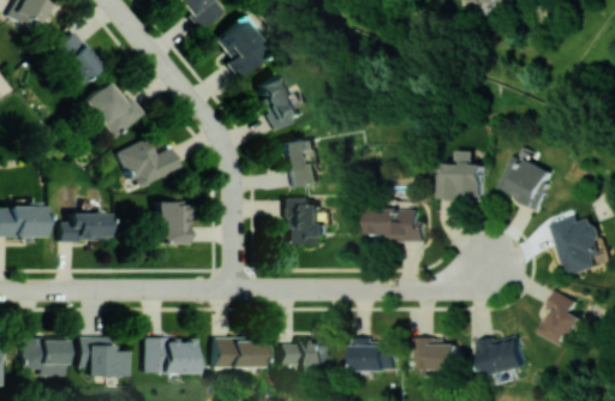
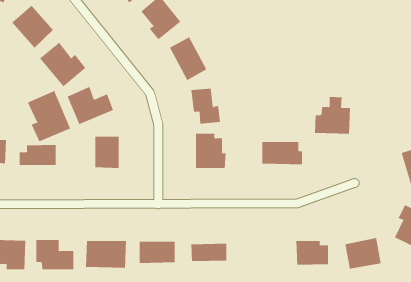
building: none -> [27,90,71,142]
building: [500,154,556,208] -> none
building: [354,339,398,370] -> none

